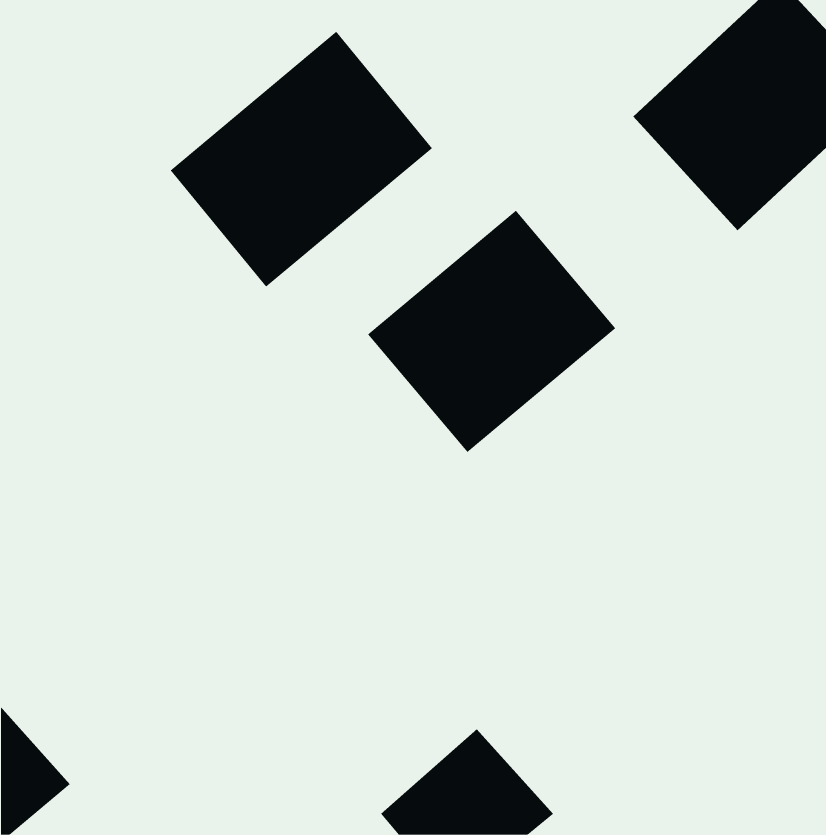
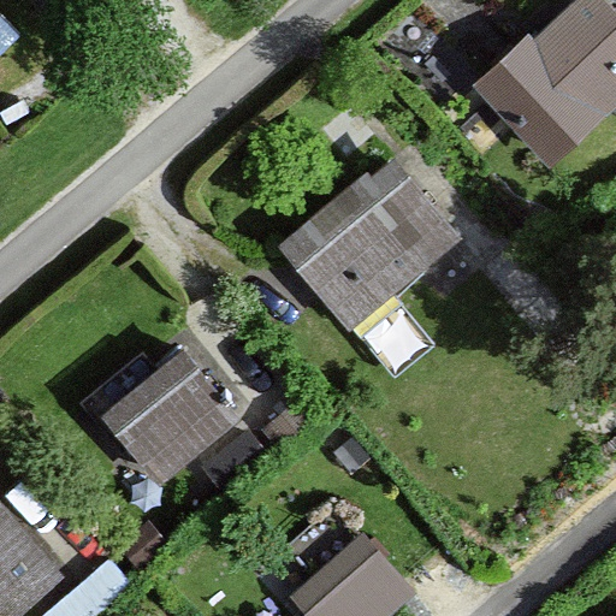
building: [170,31,433,288] -> none
building: none -> [97,346,242,490]

